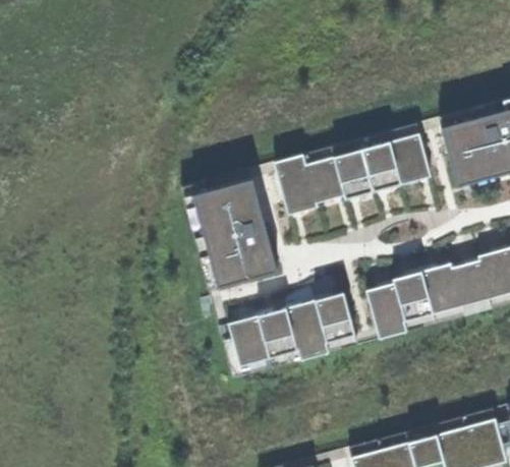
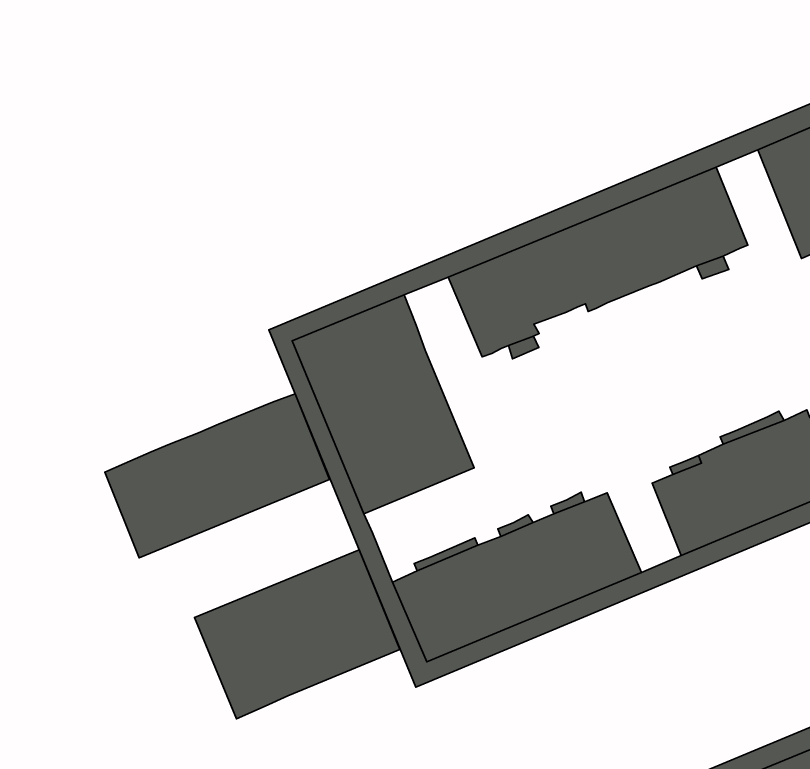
building: none -> [105,394,329,558]
building: none -> [195,550,400,719]

